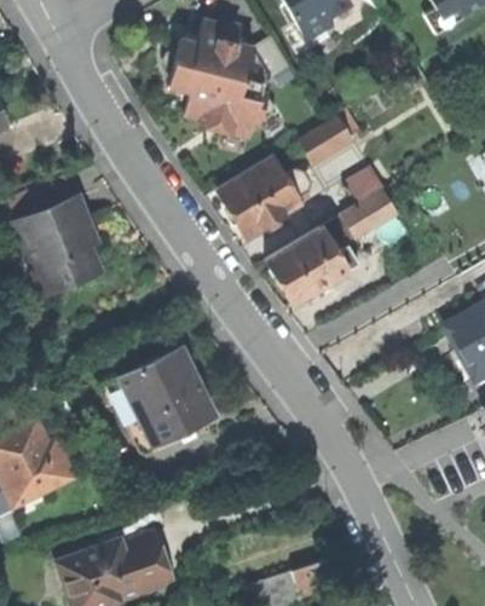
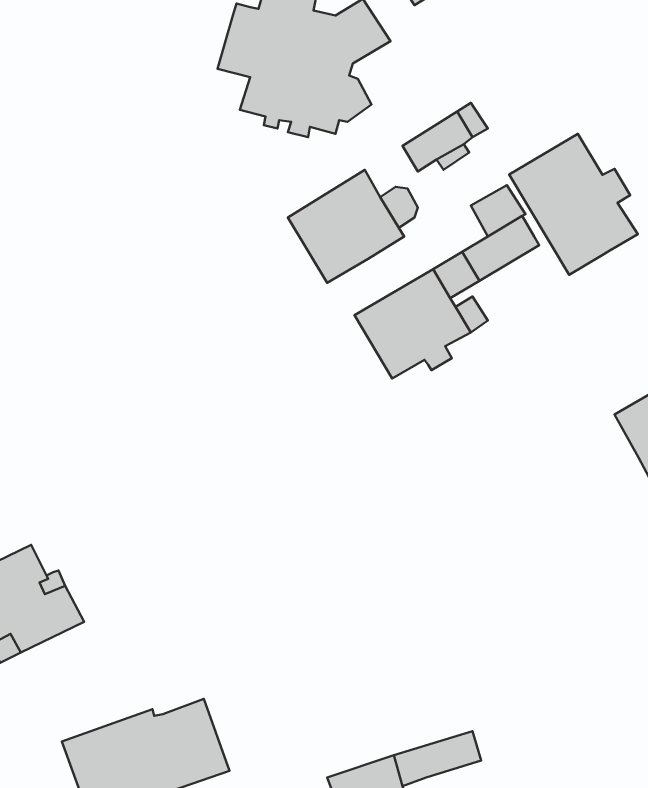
building: none -> [509,134,638,275]
building: [21,197,97,290] -> none
building: [119,347,213,446] -> none

